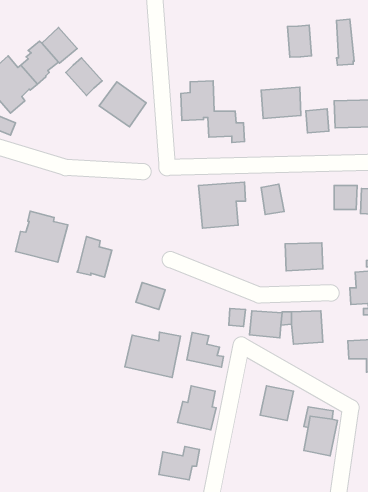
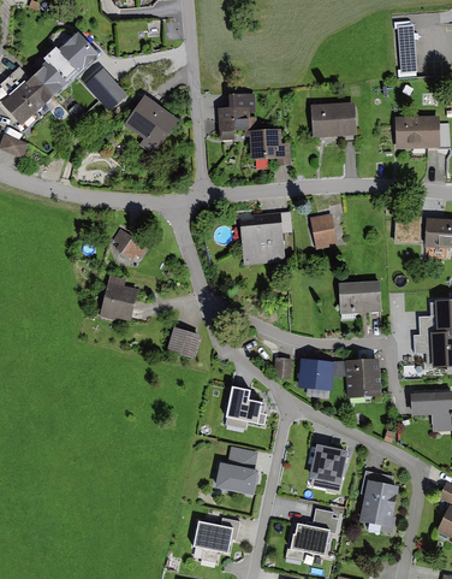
building: [288,25,312,57] -> none
building: [306,109,329,133] -> none
building: none -> [113,228,147,260]
building: [16,211,68,262] -> none
building: [125,332,181,378] -> none
building: none -> [286,506,334,560]

